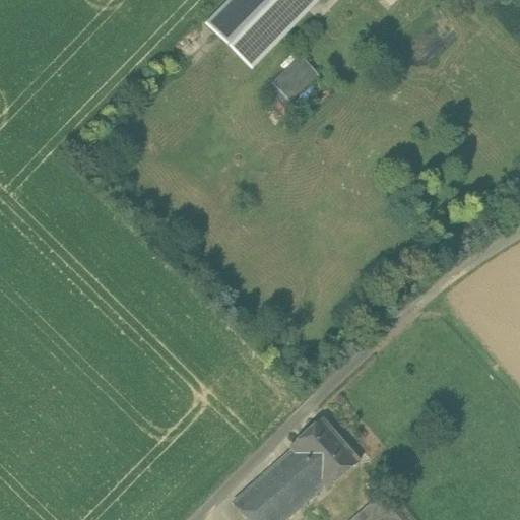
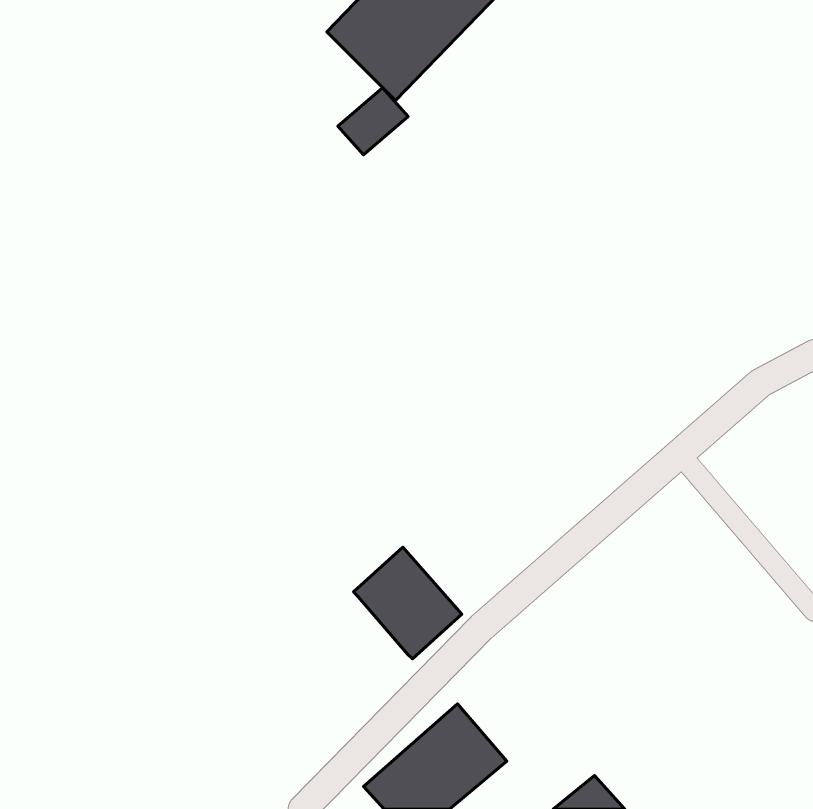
building: [273,55,318,98] -> [338,88,408,155]
building: [289,416,359,488] -> [353,547,462,659]

